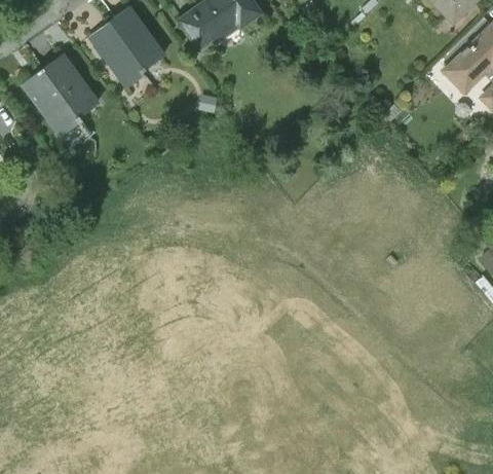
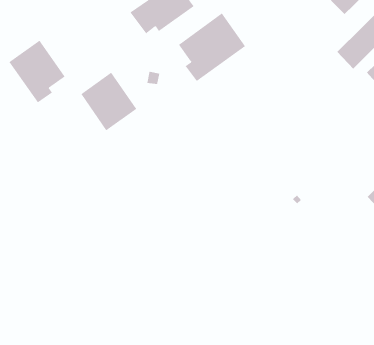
building: [90,8,163,84] -> [80,72,137,131]
building: none -> [178,13,246,82]

